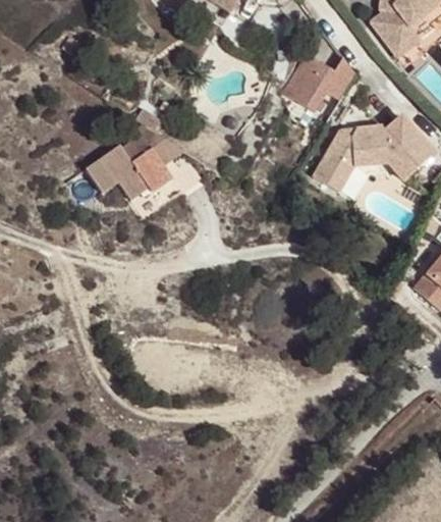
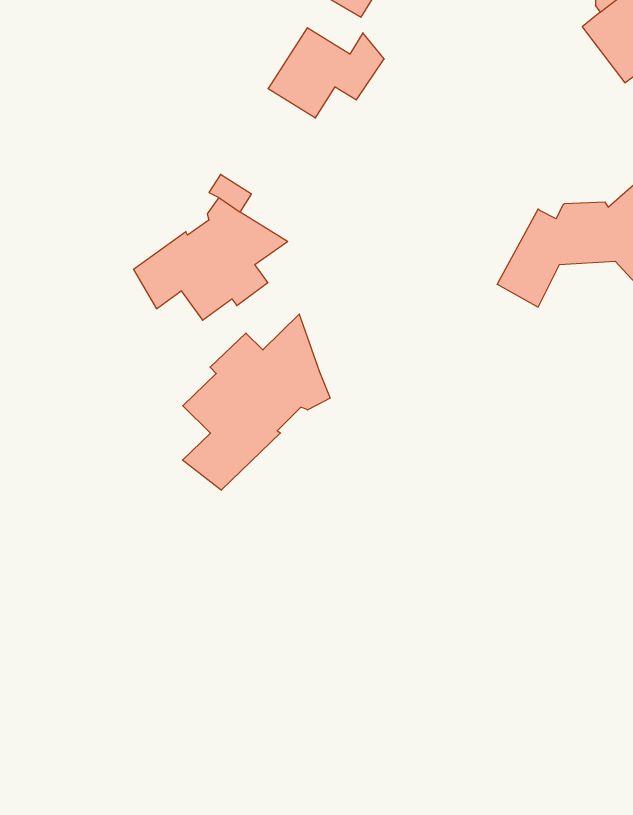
building: [285,56,357,112] -> [268,28,384,118]
building: none -> [182,314,330,490]

